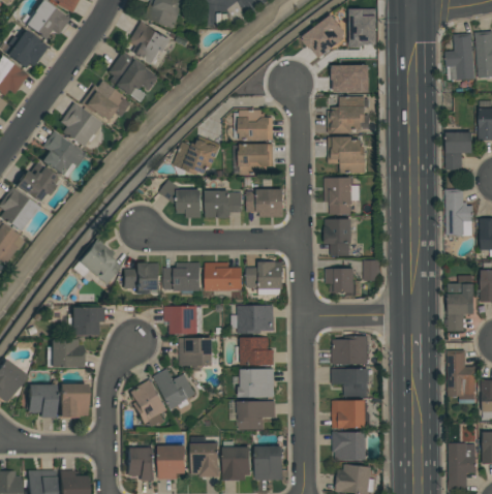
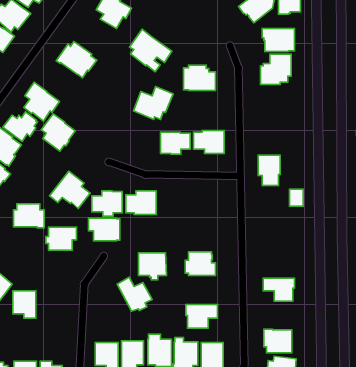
building: [106,51,158,102] -> [130,29,172,72]
building: [58,102,99,148] -> [41,114,75,151]
building: [328,136,365,173] -> none
building: [239,144,273,175] -> none
building: [324,178,360,215] -> none
building: [159,180,201,218] -> none
building: [246,261,283,296] -> none
building: [205,263,242,290] -> none
building: [326,269,353,294] -> none
building: [163,306,202,334] -> [89,218,120,241]
building: [230,306,273,334] -> none
building: [331,336,368,365] -> none
building: [44,339,82,368] -> [14,204,44,228]
building: [238,369,274,398] -> none
building: [128,378,167,428] -> none
building: [58,384,86,418] -> none
building: [332,400,366,429] -> none

